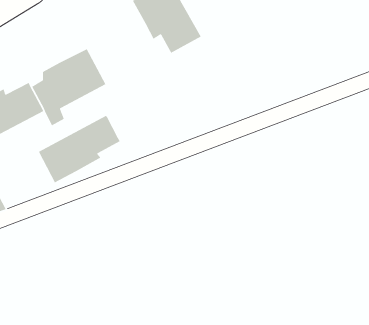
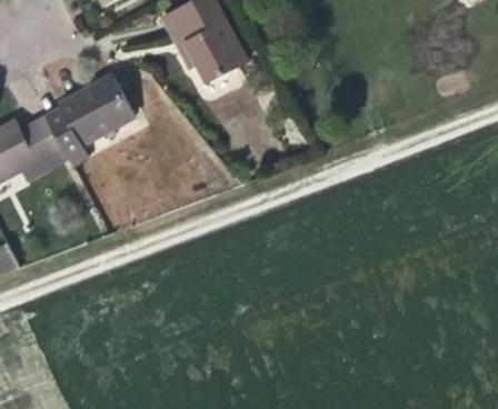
building: [38,115,121,183] -> none

